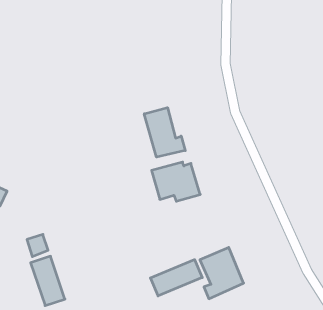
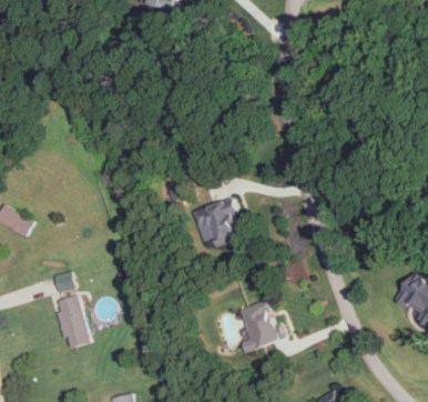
building: [144,108,185,157] -> none
building: [150,260,202,296] -> none

